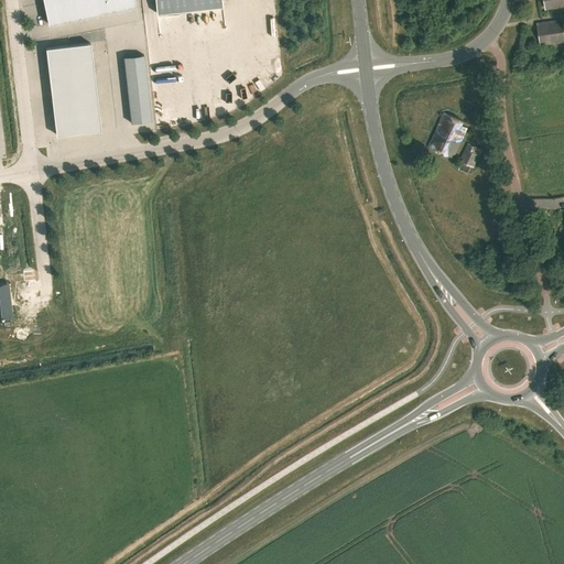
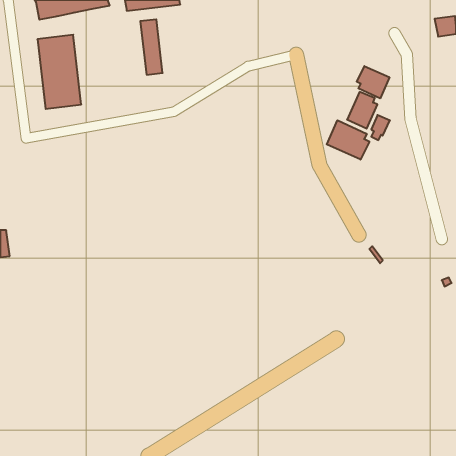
building: [123,55,151,123] -> [140,19,163,75]
building: none -> [357,66,389,98]
building: none -> [327,120,369,160]

